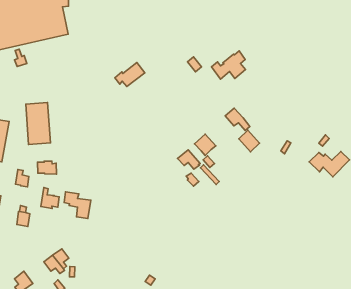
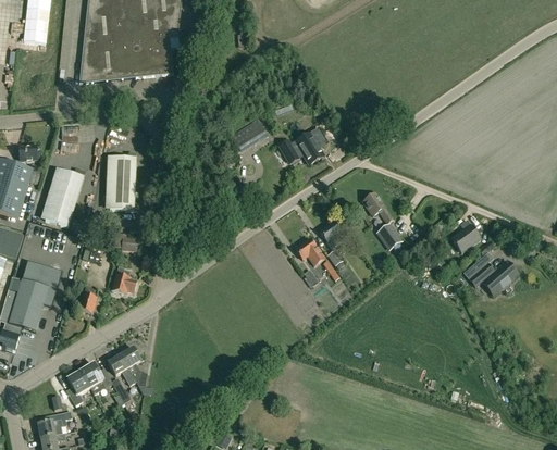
building: [211,51,246,79] -> [278,128,323,163]
building: none -> [451,218,480,251]
building: [64,192,91,219] -> none
building: none -> [81,362,112,387]

